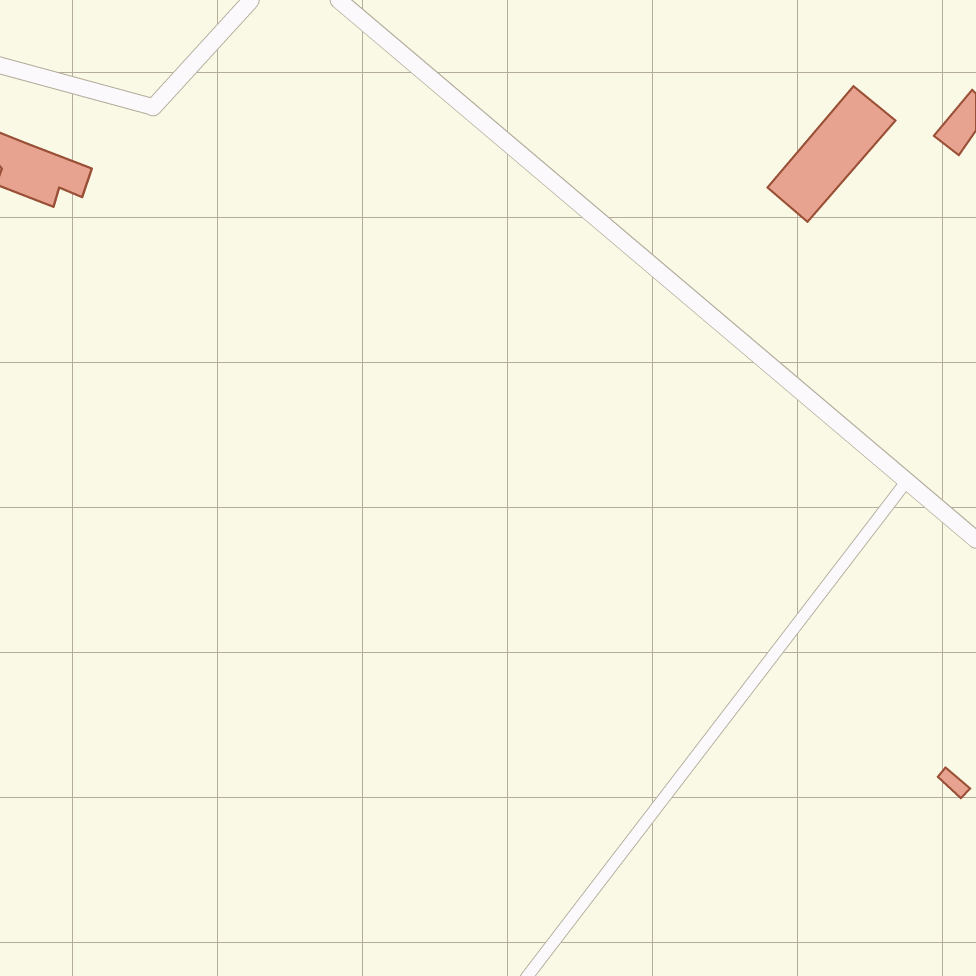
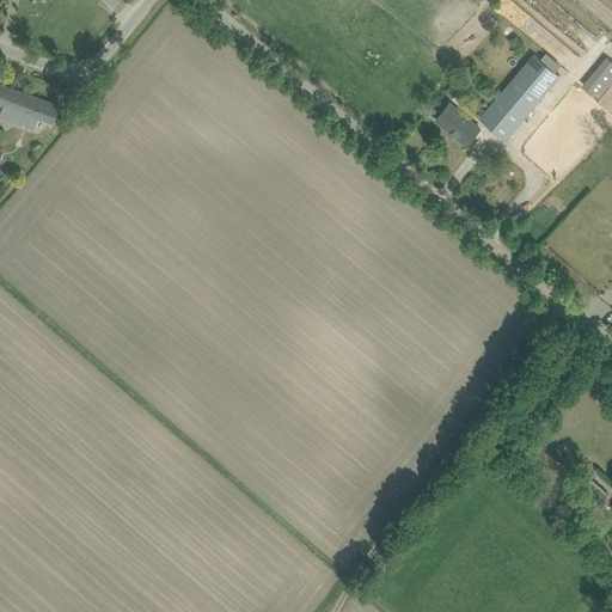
building: none -> [435,104,479,145]

